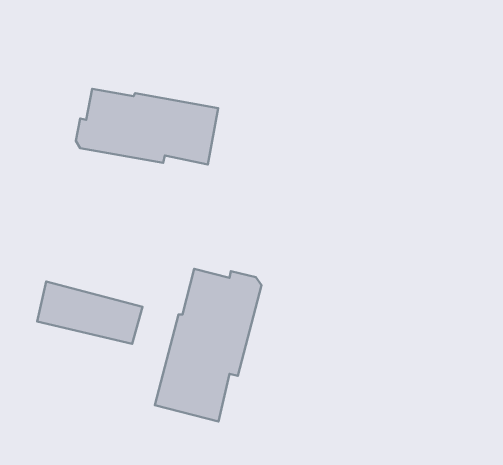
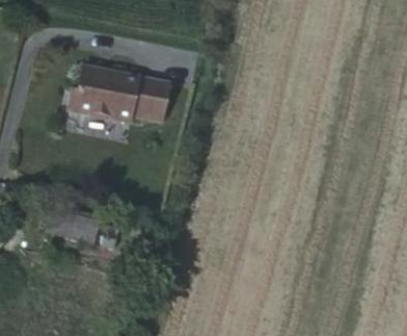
building: [155,269,262,422] -> none

